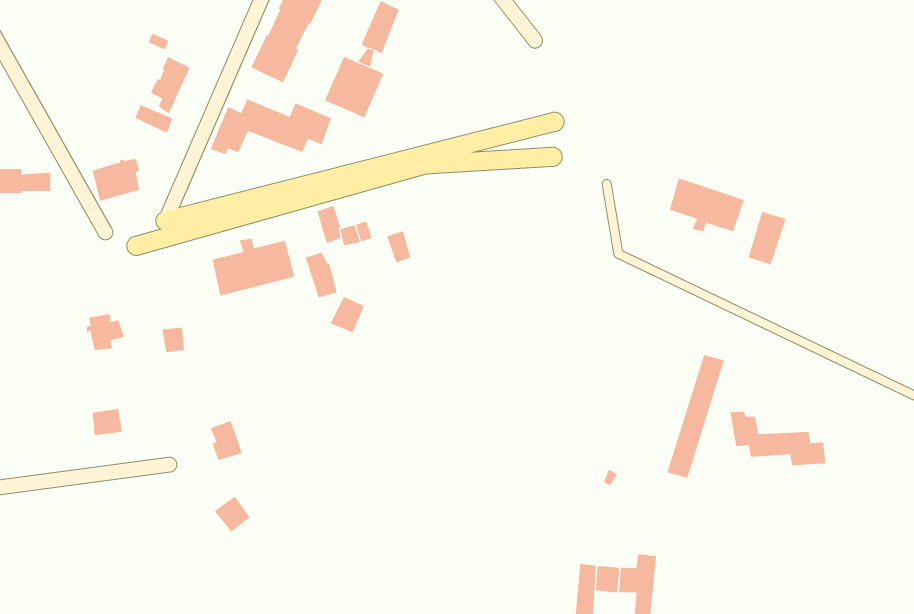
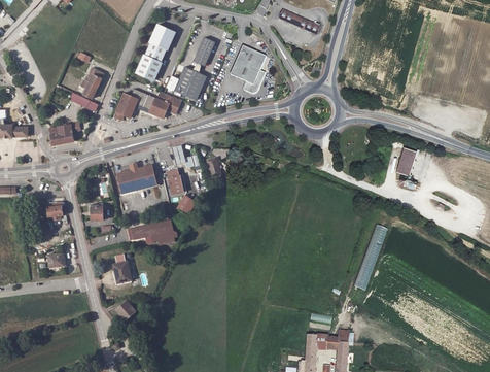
building: none -> [231,45,267,94]
building: [669,177,745,232] -> none
building: none -> [126,221,176,245]
building: [730,411,826,466] -> none

